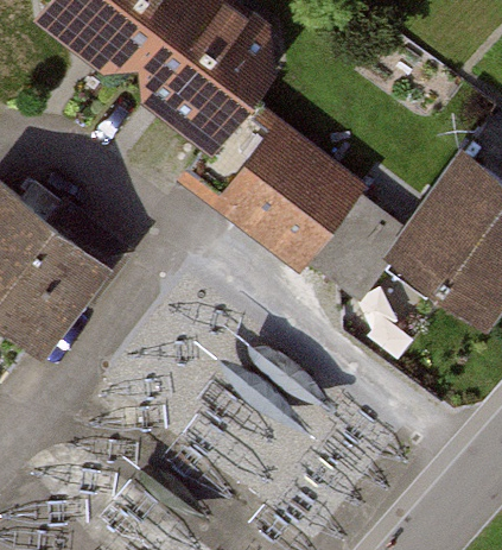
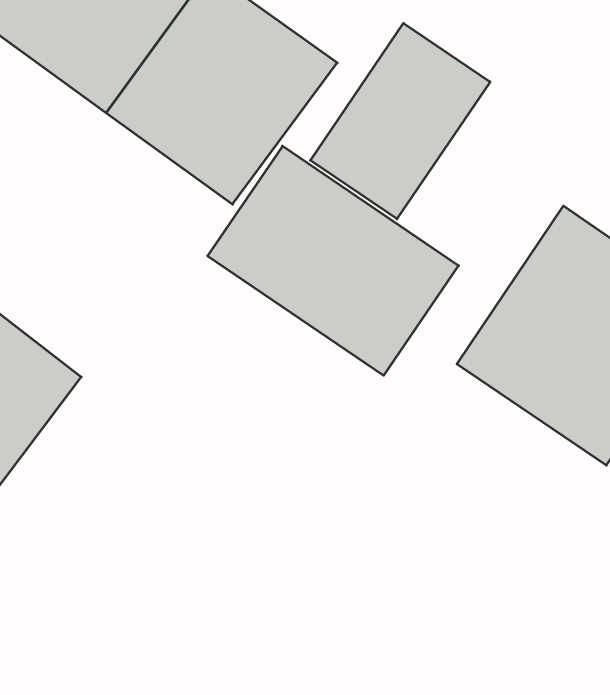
building: none -> [310,23,490,219]

